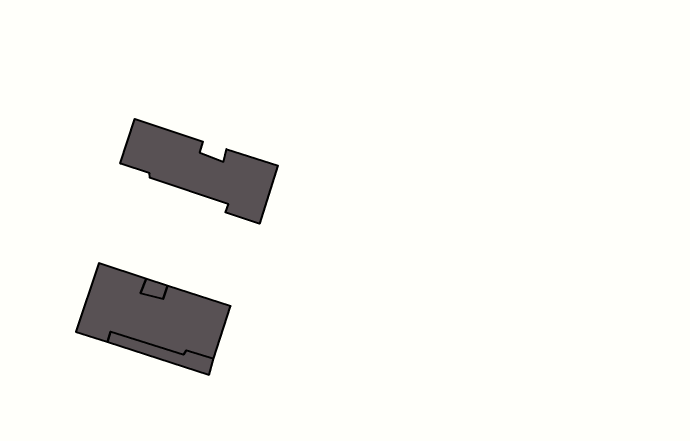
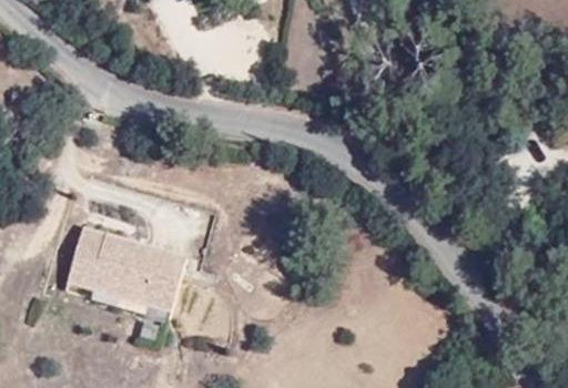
building: [120,119,278,224] -> none

